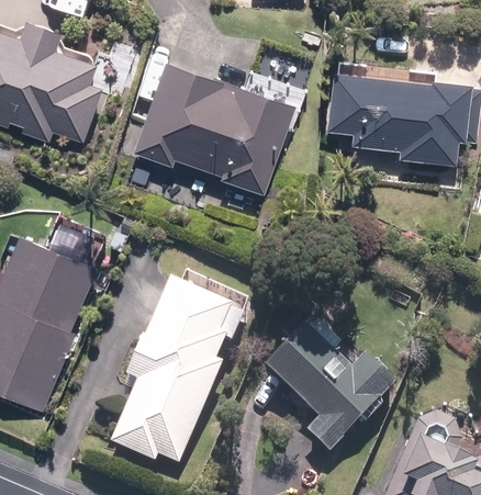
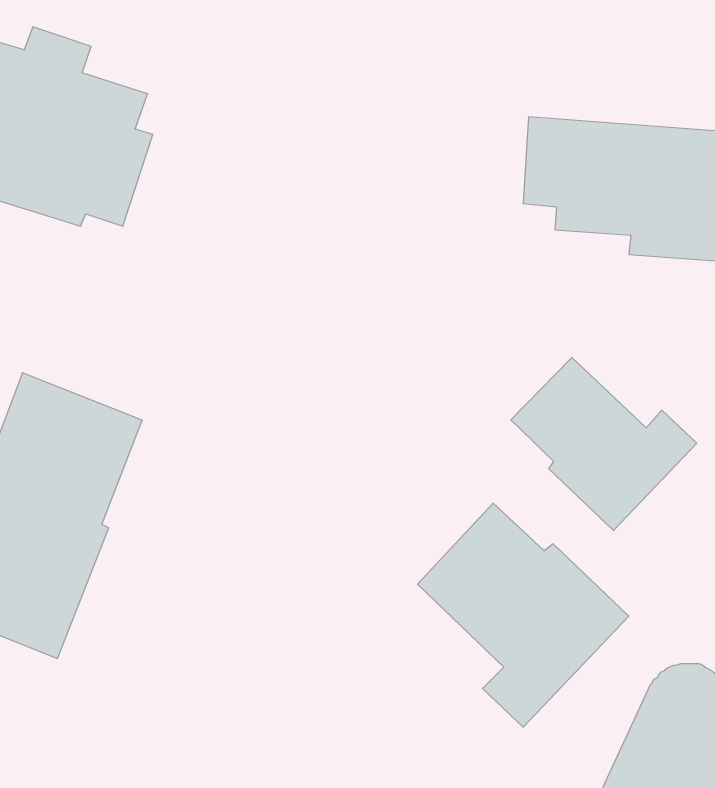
building: [133,58,293,193] -> none
building: none -> [511,357,697,531]
building: [112,279,247,463] -> none

